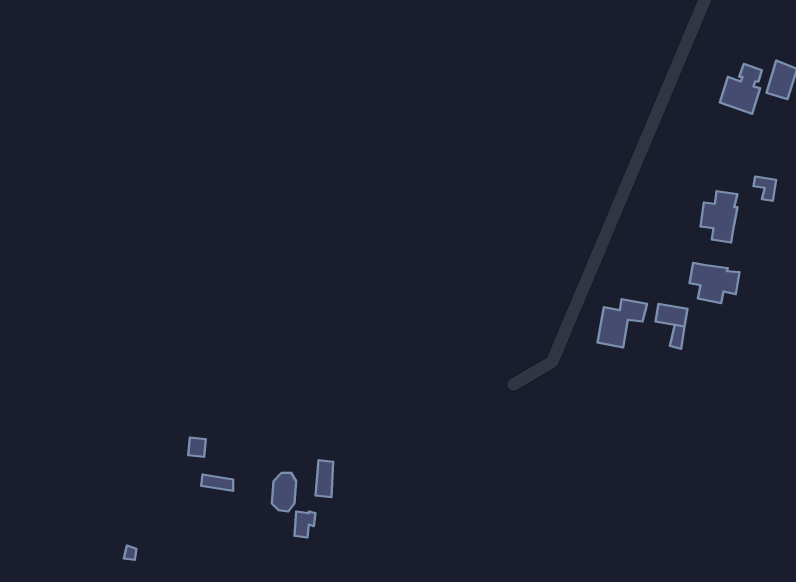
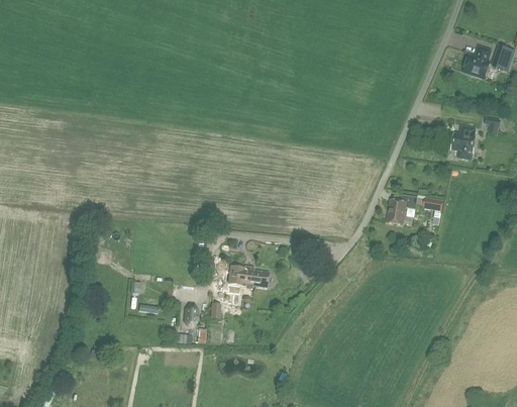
building: [690,263,740,303] -> none
building: none -> [227,265,269,288]

